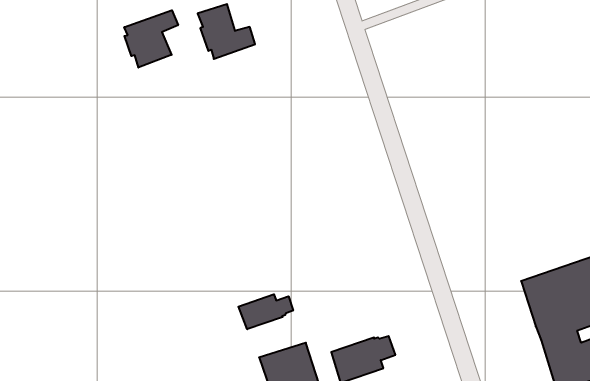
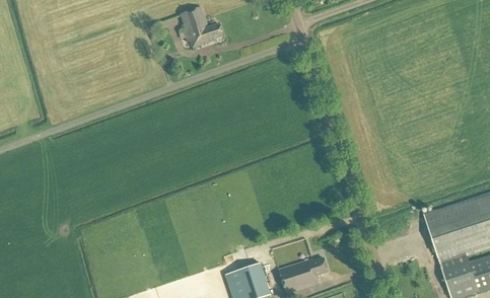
building: [124,10,178,68] -> none
building: [238,294,293,329] -> none

